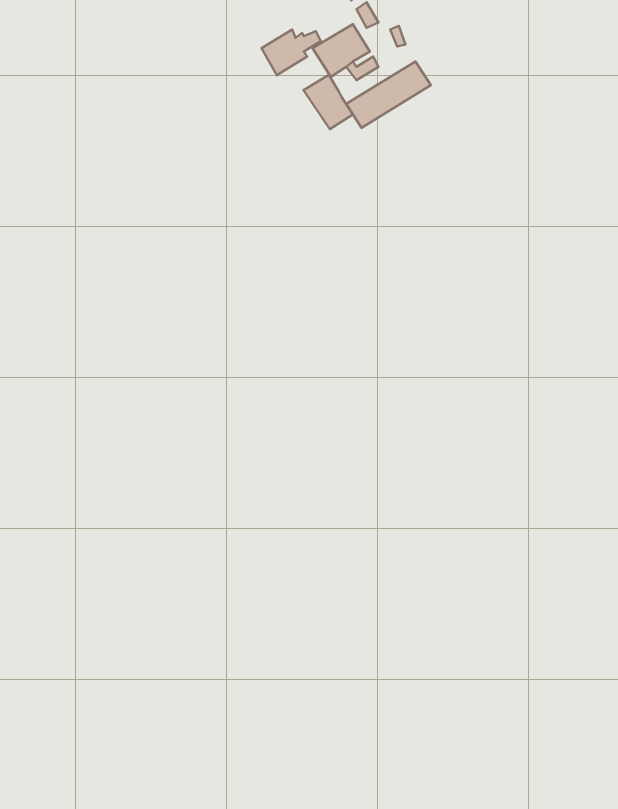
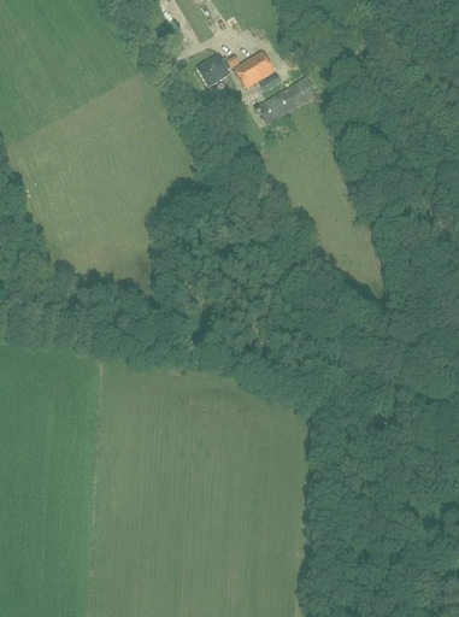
building: [304,75,353,129] -> none

